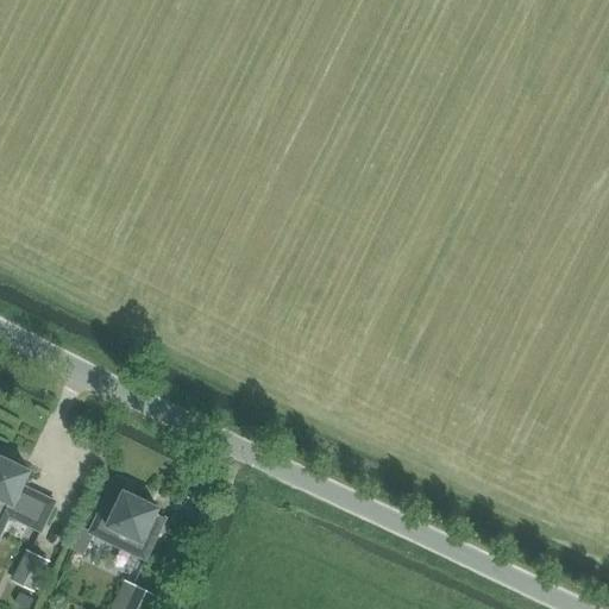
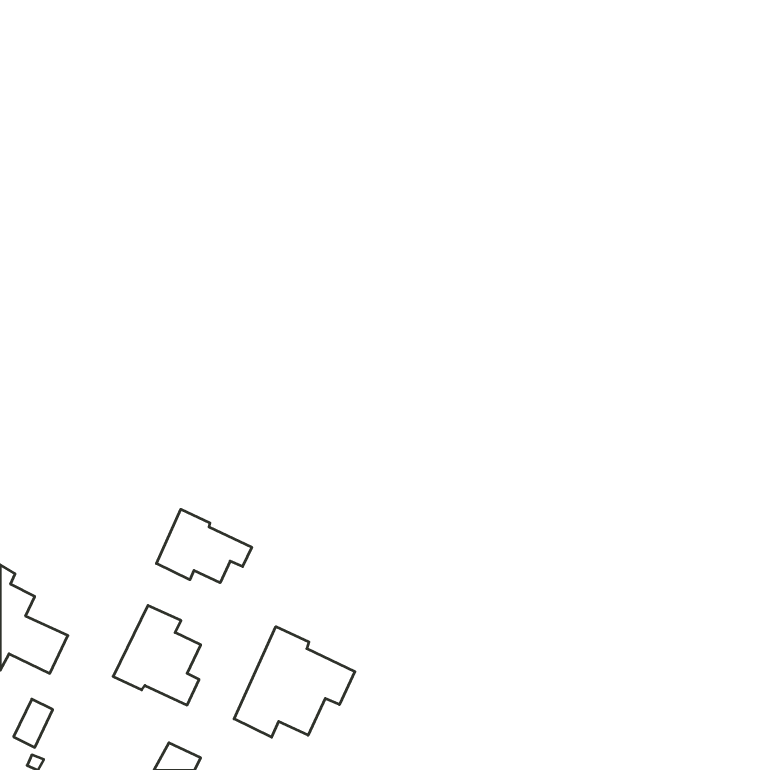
building: none -> [156,509,252,583]
building: none -> [234,627,355,737]

